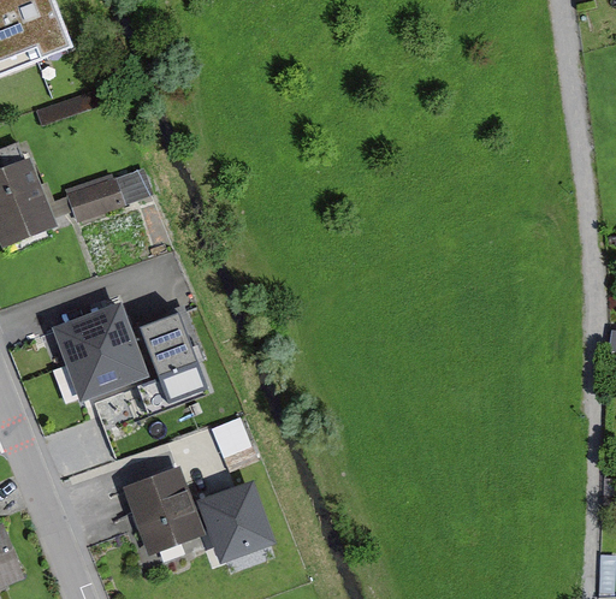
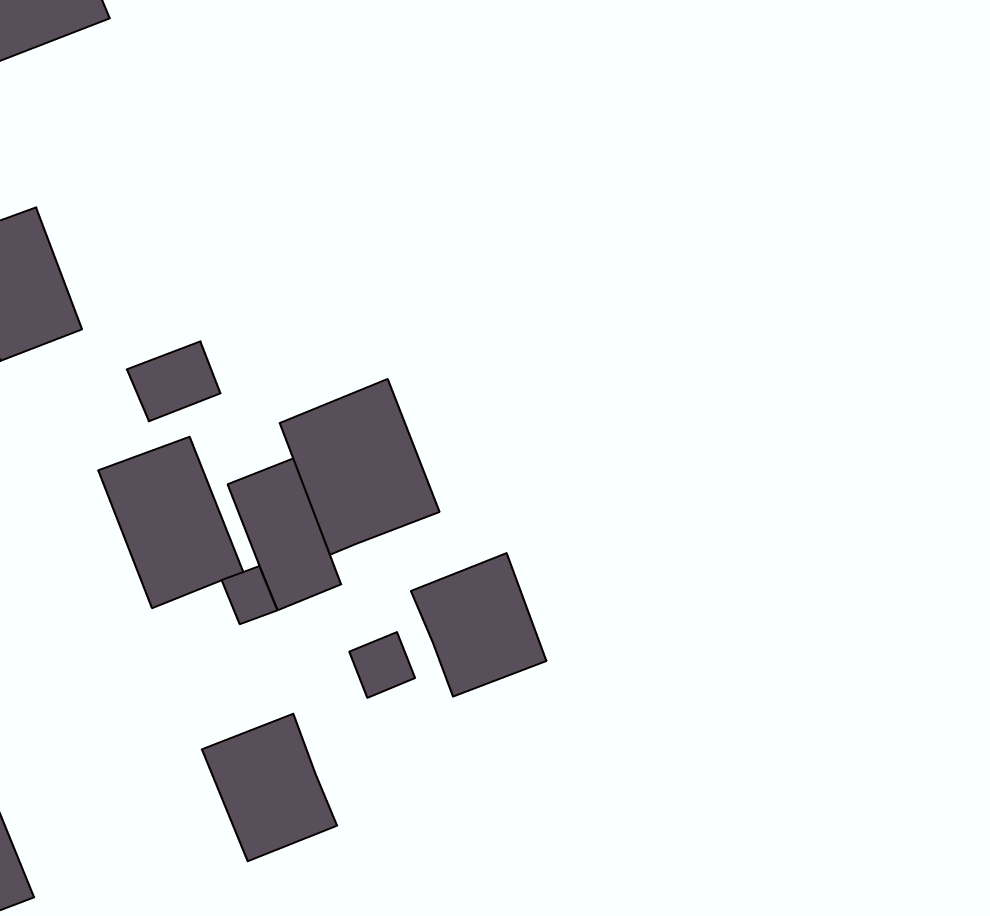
building: [70,173,126,221] -> [127,341,221,421]
building: none -> [280,379,439,555]
building: [192,479,274,565] -> [411,553,547,697]

